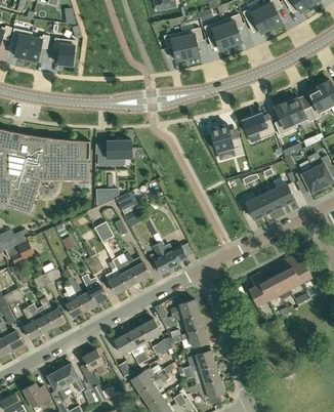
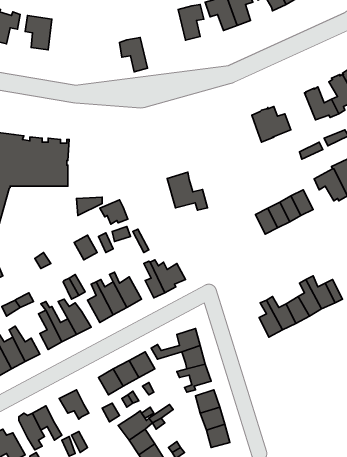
building: [164,33,187,61] -> [119,37,148,72]
building: [275,101,297,135] -> none
building: [210,124,244,156] -> [167,172,207,210]
building: [98,140,132,166] -> none

